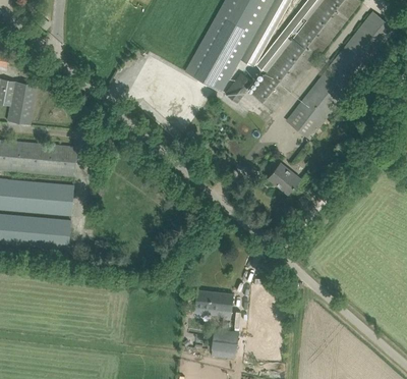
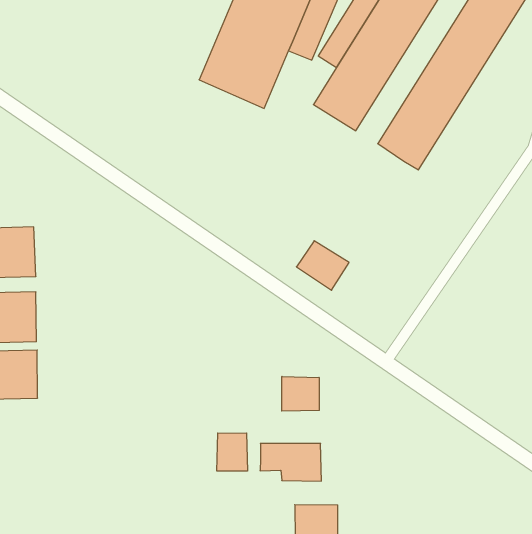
building: [268,163,299,194] -> [296,241,349,290]
building: none -> [282,376,319,411]
building: none -> [217,433,247,471]

